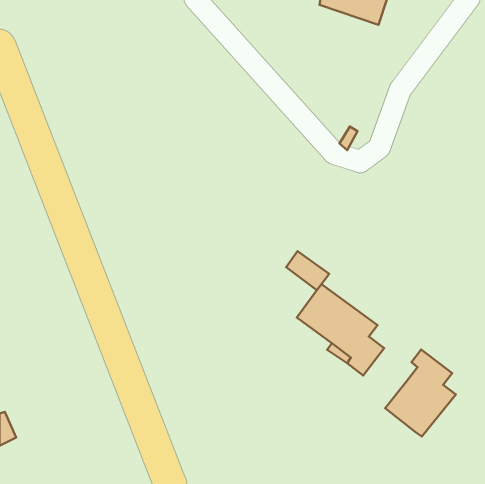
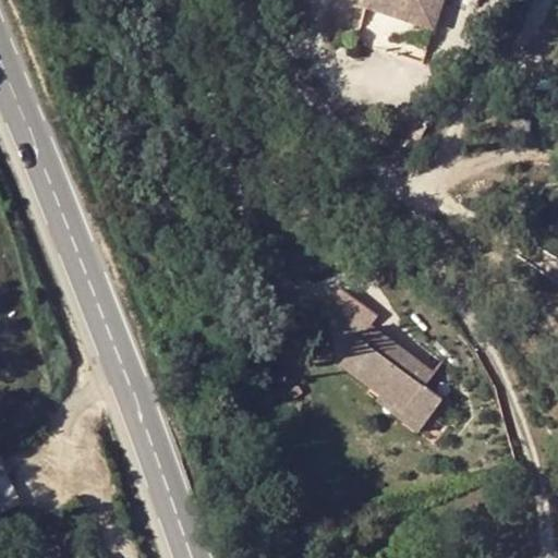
building: [385,350,456,437] -> none

